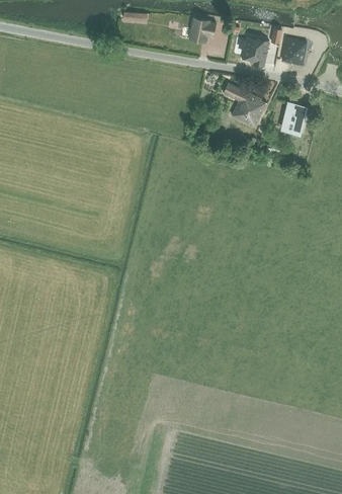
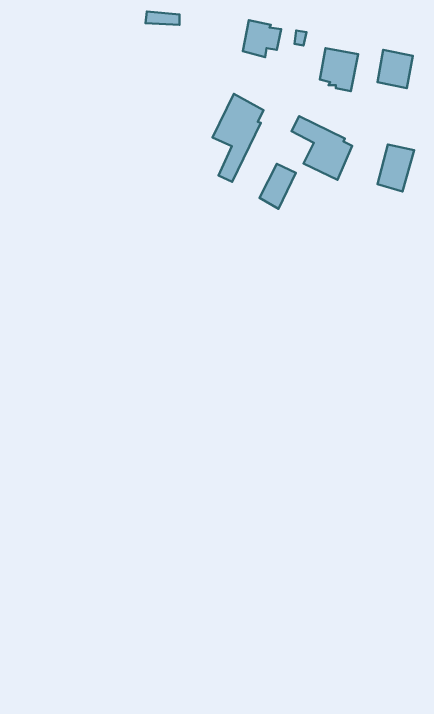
building: none -> [213,94,263,182]
building: none -> [259,164,296,209]

